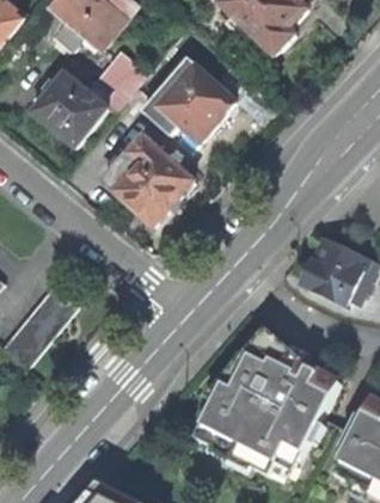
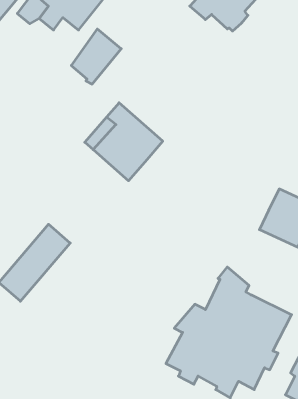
building: [140,60,233,142] -> none
building: [33,75,105,148] -> none

